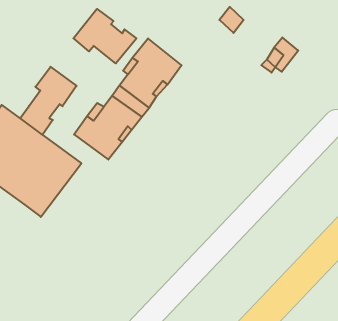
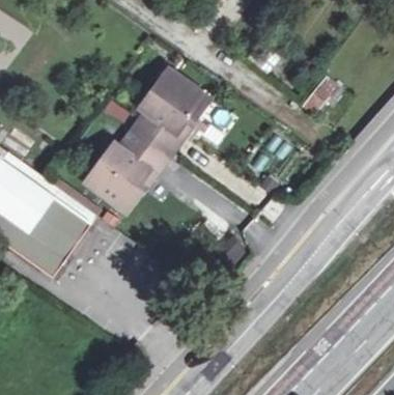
building: [73,9,136,63] -> none
building: [20,67,77,135] -> none

